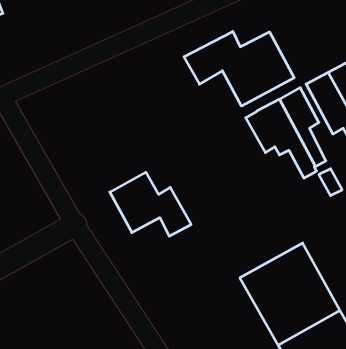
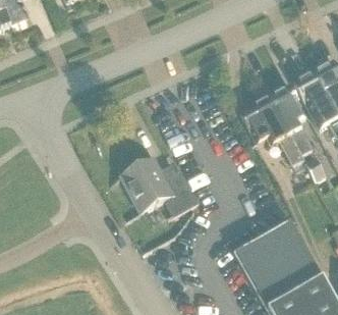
building: [184,31,294,106] -> none

